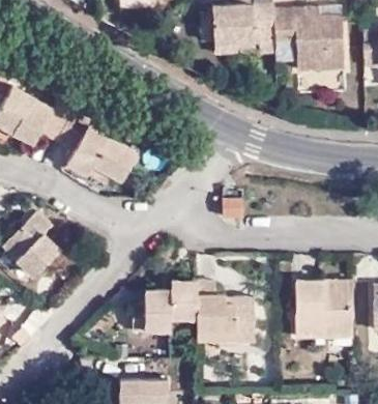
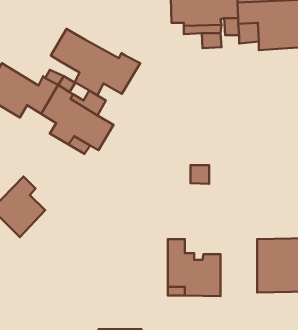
building: none -> [51,29,140,95]
building: [132,280,197,331] -> none

